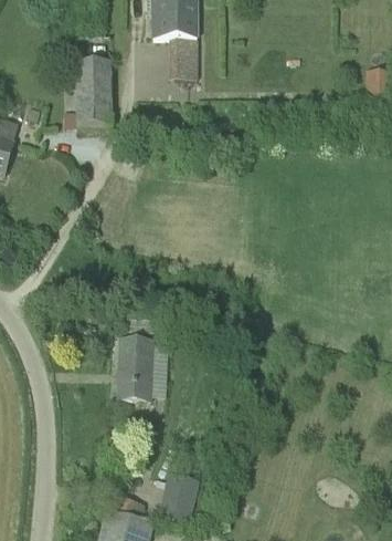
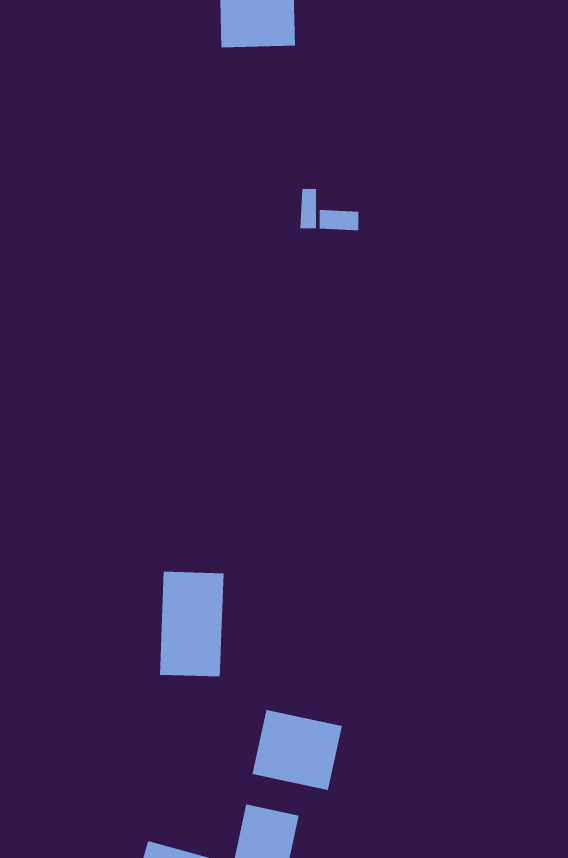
building: [77,59,112,125] -> none
building: none -> [252,709,343,791]

